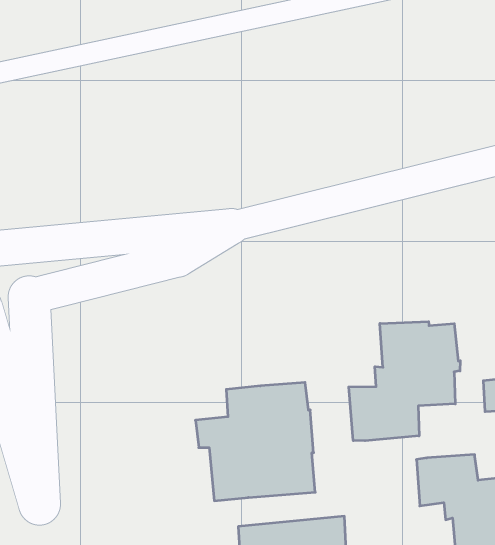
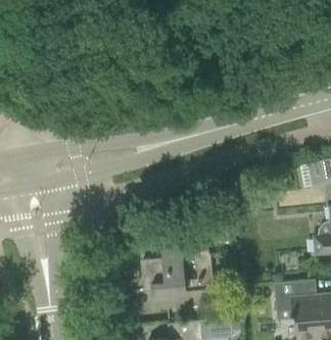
building: [349,322,460,441] -> none

